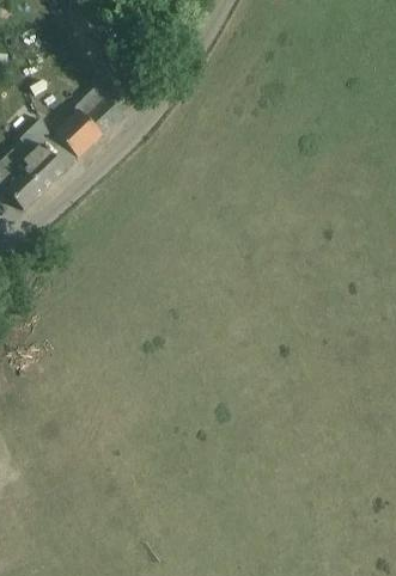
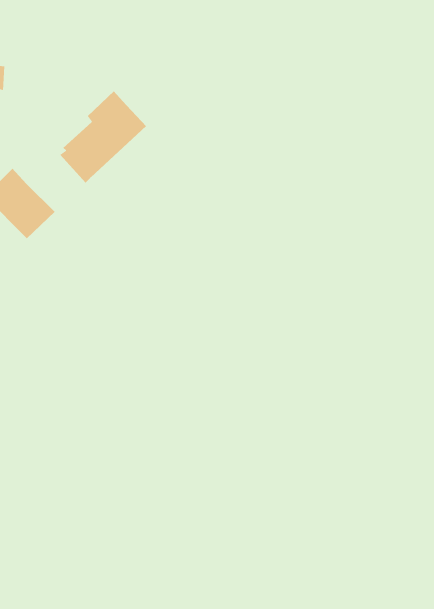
building: [20,117,74,185] -> none

